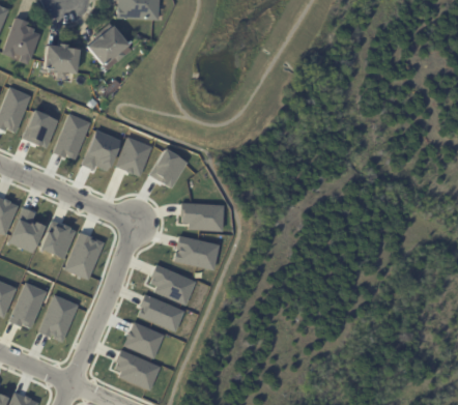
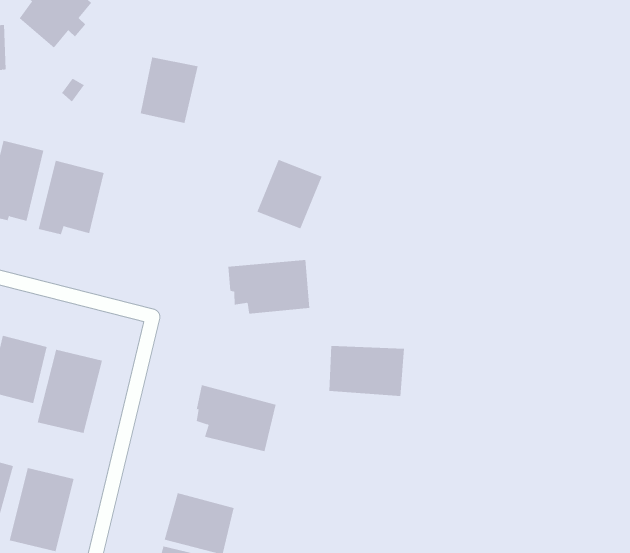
building: [116,136,152,175] -> [140,57,199,123]
building: [148,147,188,187] -> [256,159,323,229]
building: [174,235,220,269] -> [329,345,405,396]
building: [139,293,184,331] -> none

